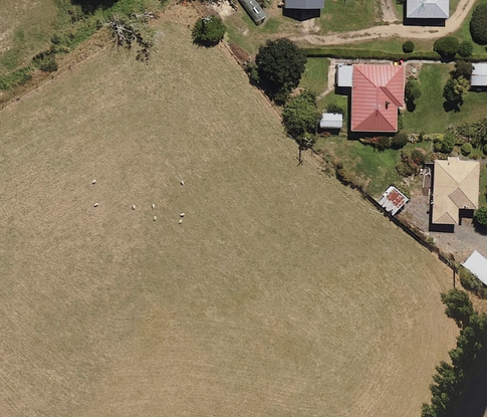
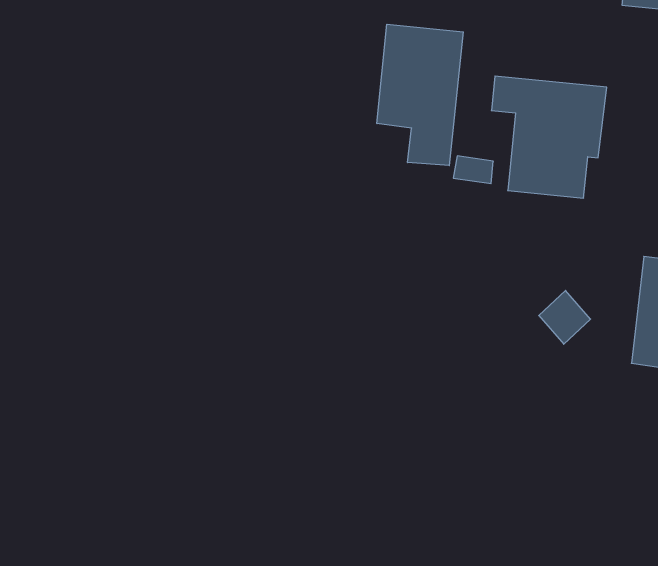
building: none -> [377,24,463,166]

